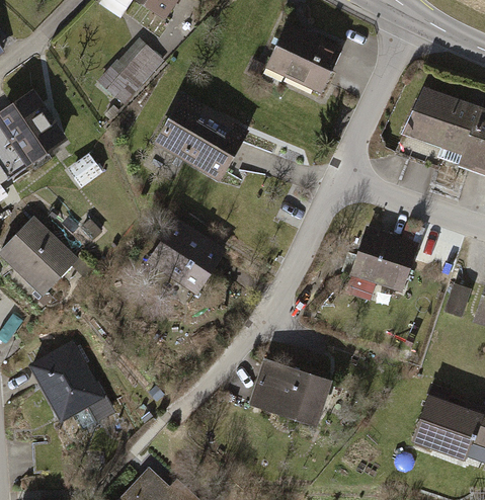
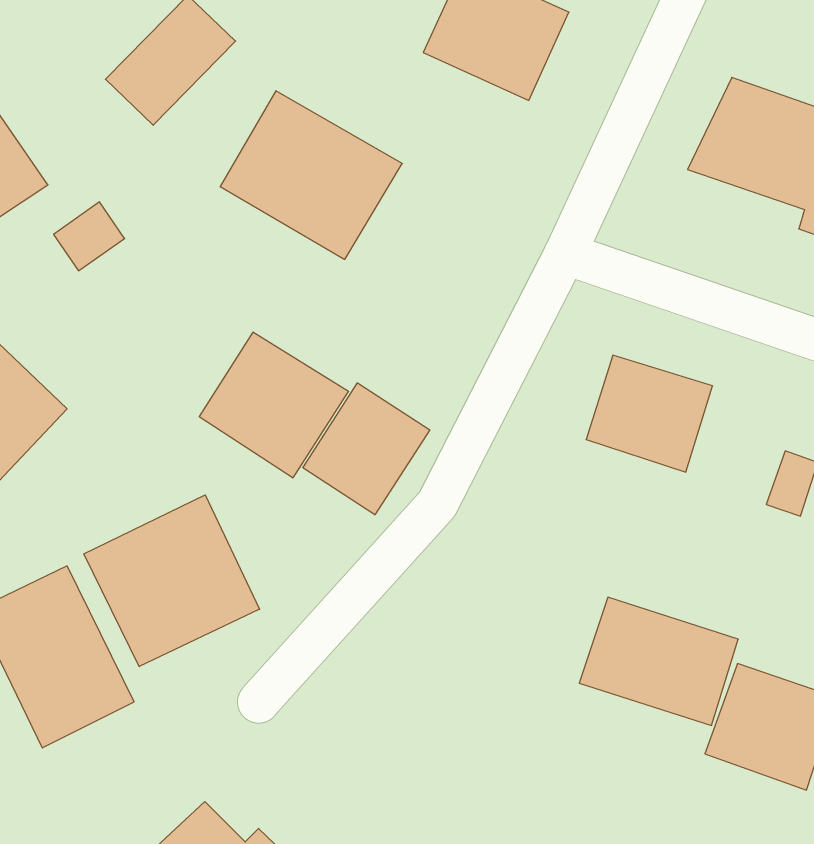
building: none -> [303,383,430,515]
building: none -> [84,495,260,667]
building: [251,358,335,426] -> [579,597,738,725]

